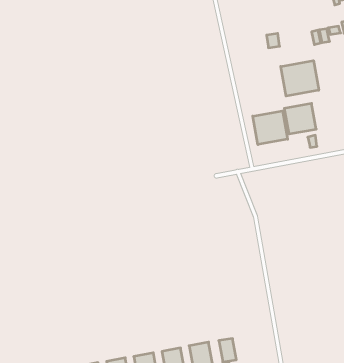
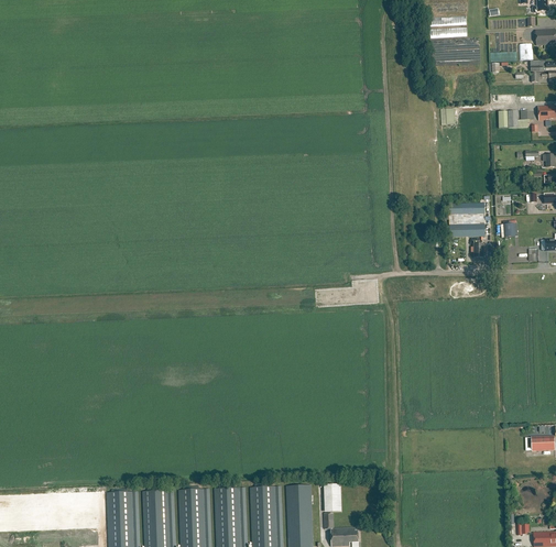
building: [281,61,319,96] -> none
building: [253,111,288,145] -> none

